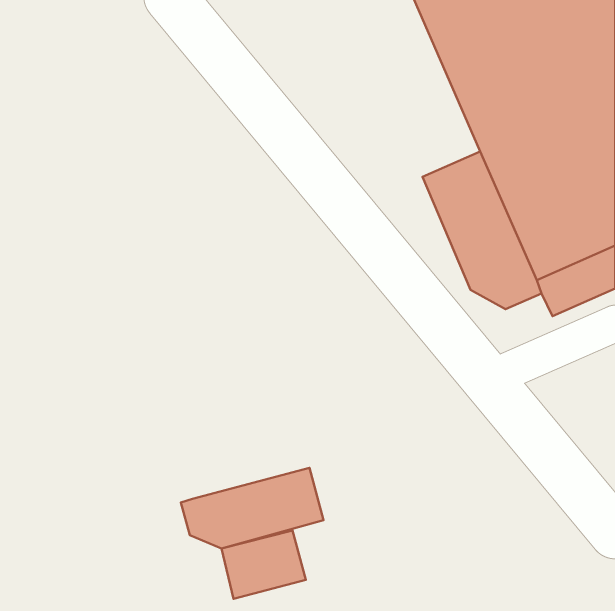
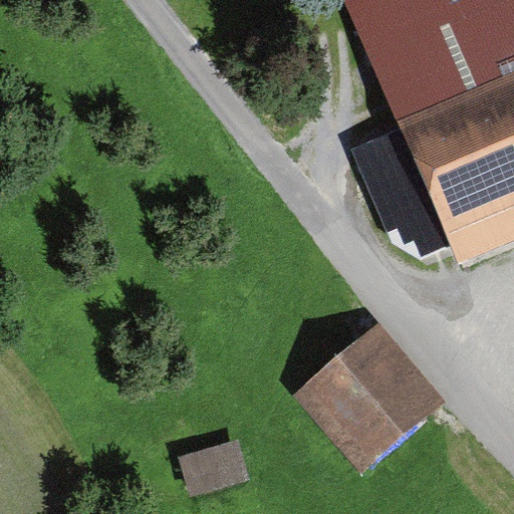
building: none -> [295,321,447,472]
building: [181,468,324,548] -> none

